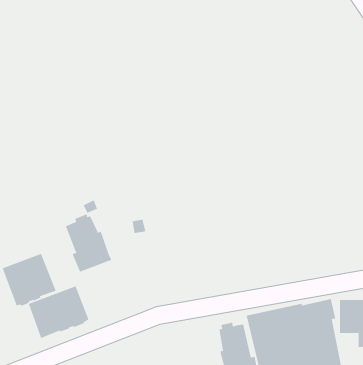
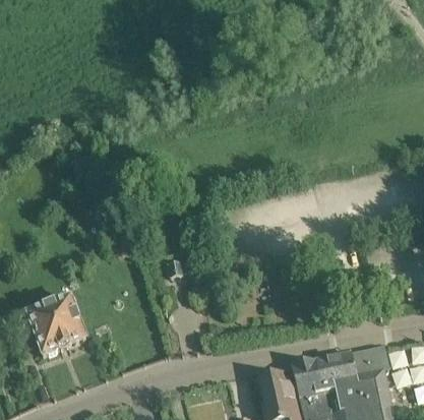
building: [65,214,112,272] -> none
building: [28,285,89,339] -> none

